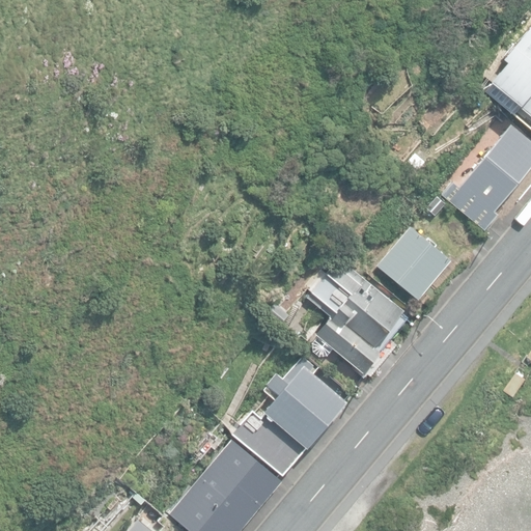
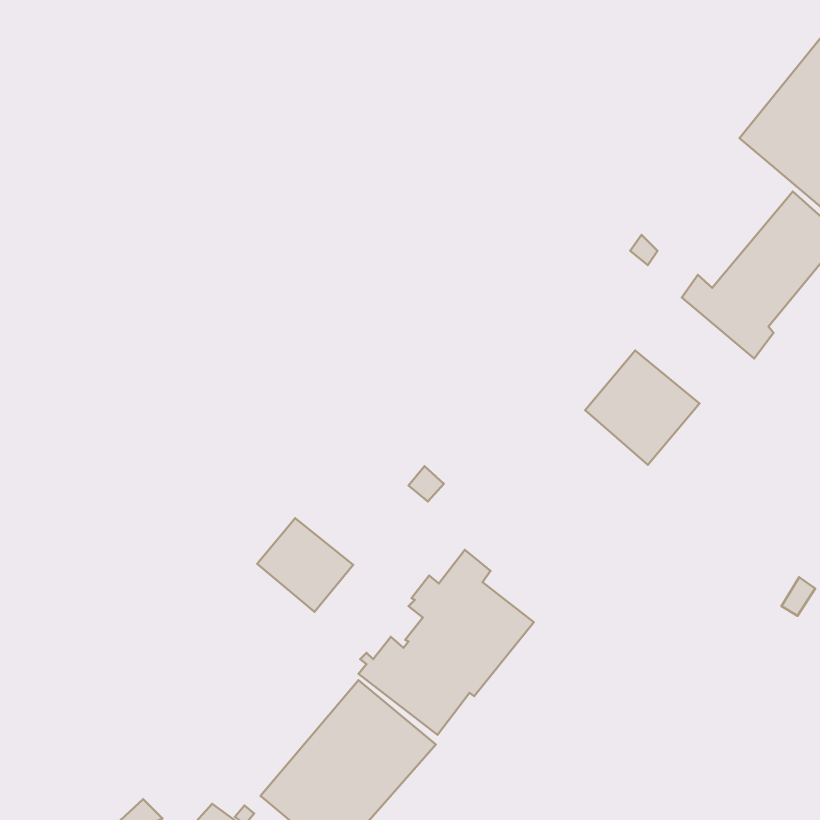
building: [305,258,403,374] -> none
building: none -> [257,518,353,612]

